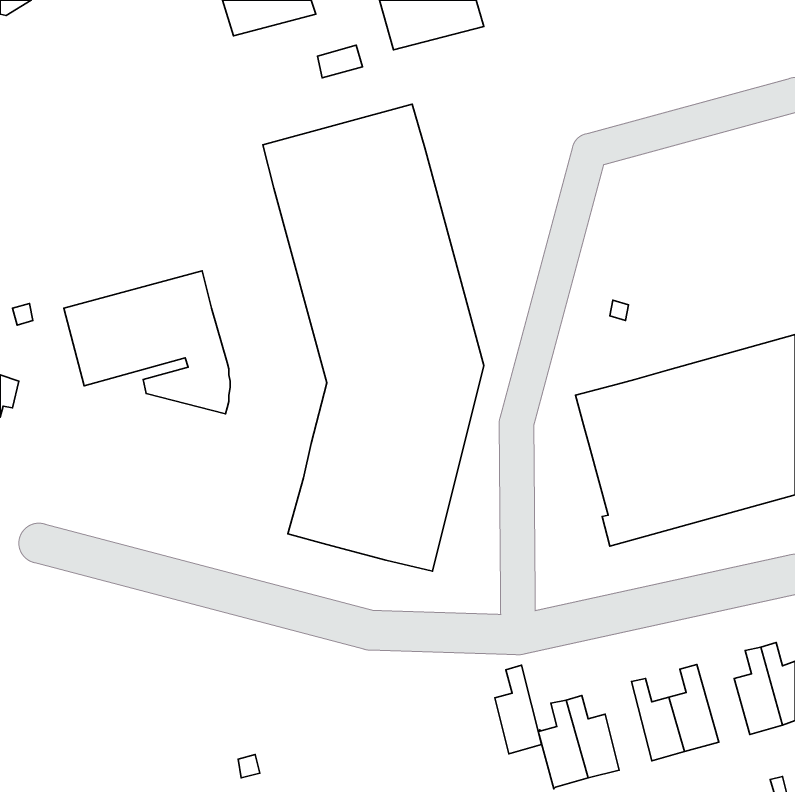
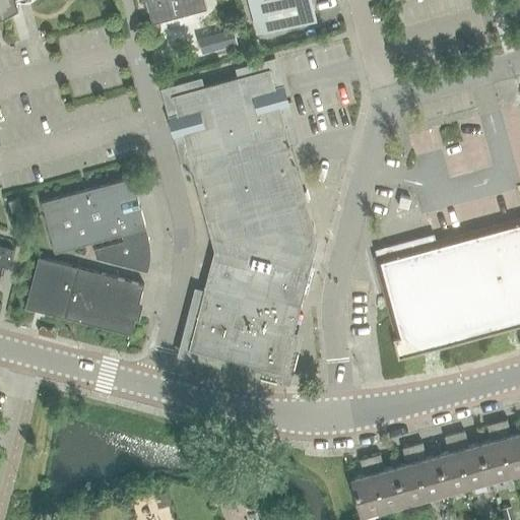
building: none -> [24,258,144,336]
building: none -> [455,433,490,486]
building: [495,665,542,754] -> [395,447,426,505]

